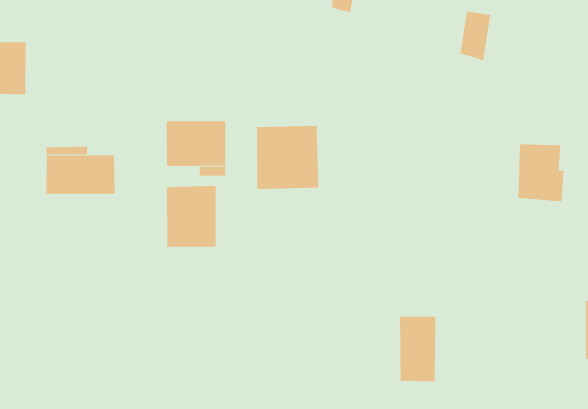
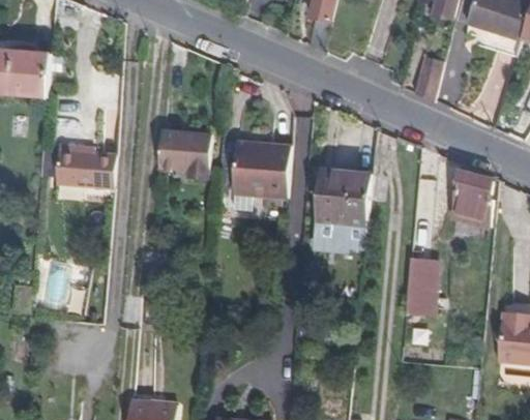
building: none -> [312,169,371,248]
building: [167,185,216,247] -> none
building: [399,316,436,382] -> [403,258,438,316]

